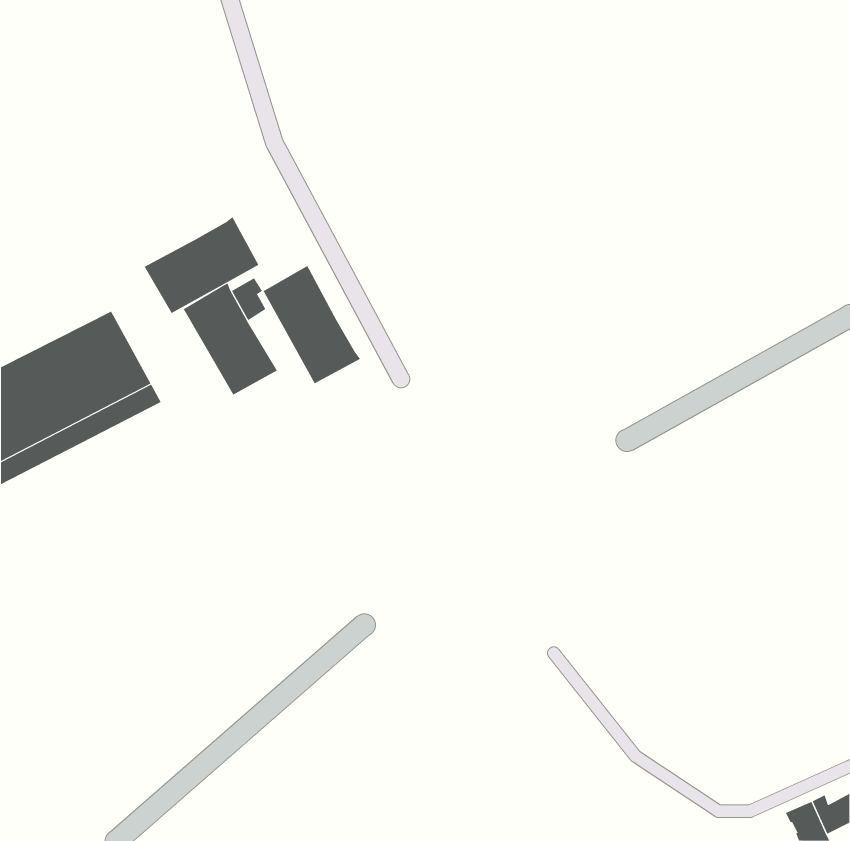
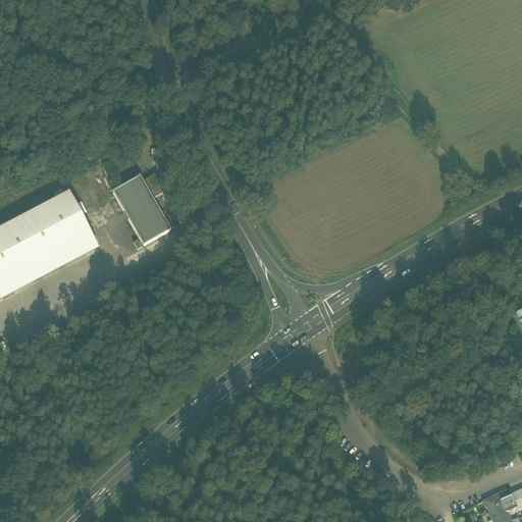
building: [144,216,259,314] -> none
building: [263,265,361,384] -> none

